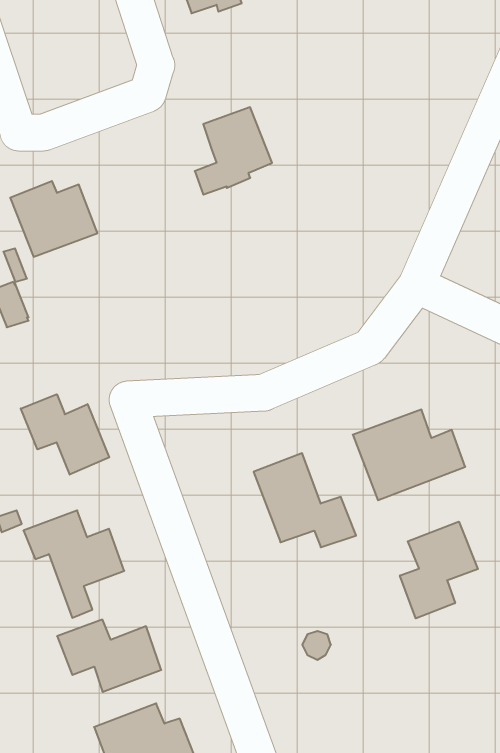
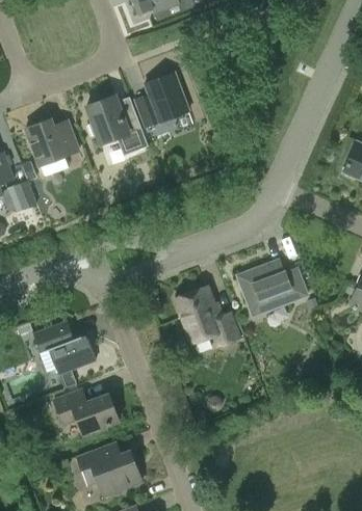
building: none -> [86,95,148,156]
building: [21,394,109,475] -> none
building: [400,522,478,618] -> none

